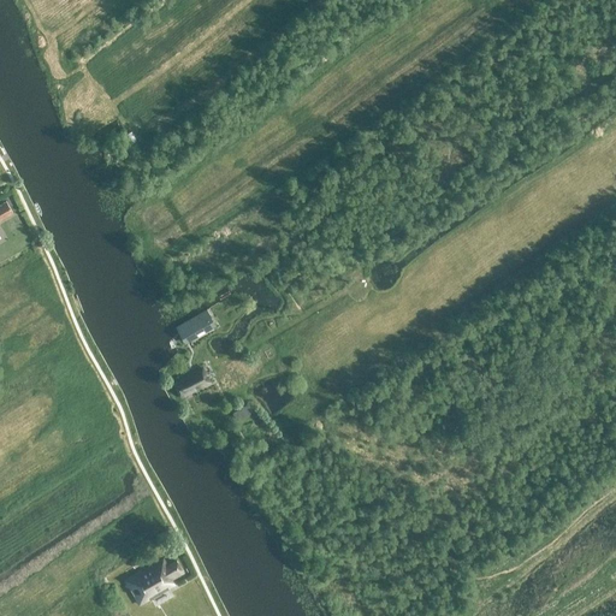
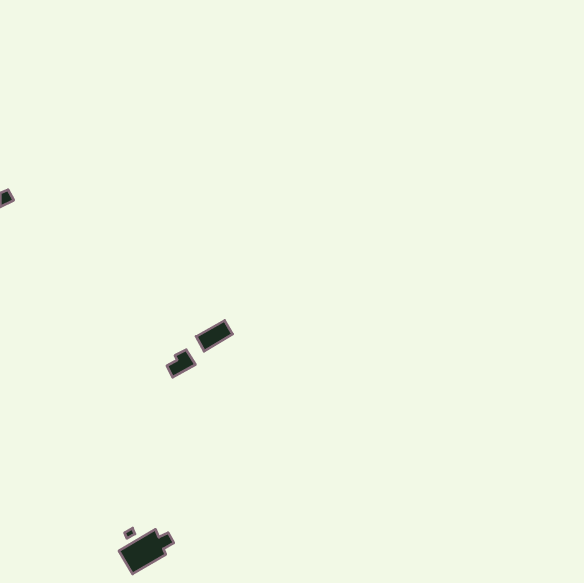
building: [176,309,214,342] -> [196,320,233,351]

